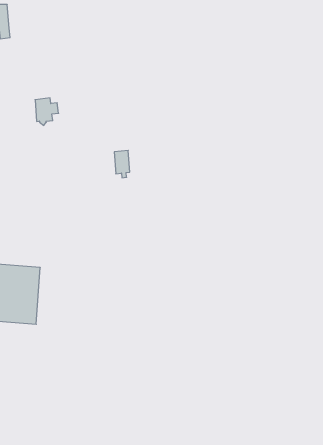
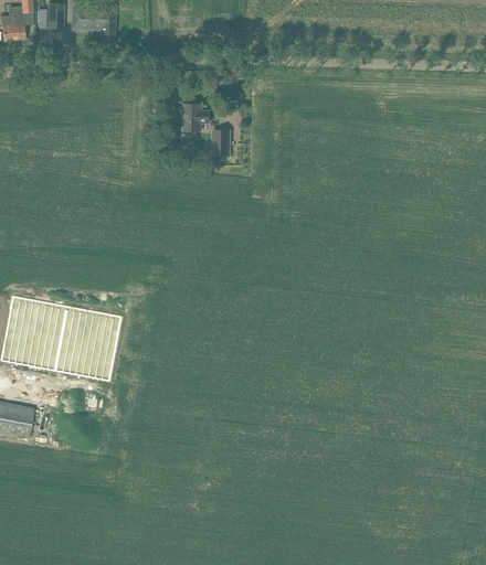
building: [35,98,59,125] -> [182,104,209,135]
building: [114,150,130,178] -> [212,129,230,160]

